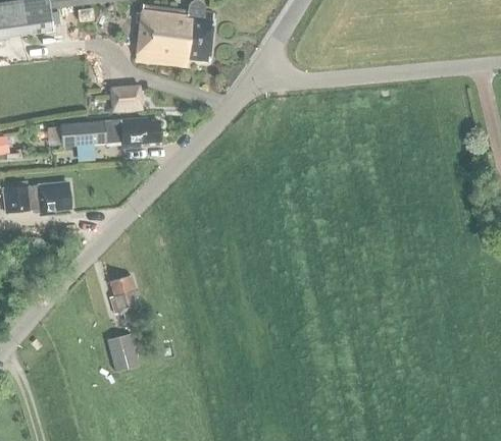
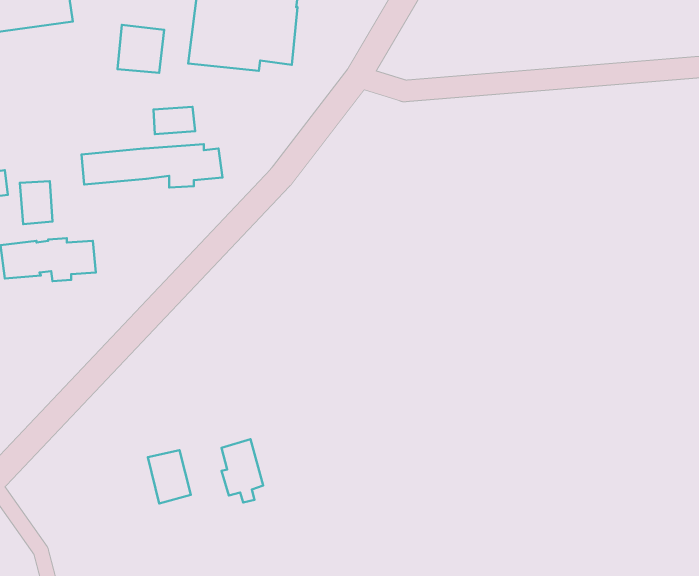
building: none -> [117,25,164,73]
building: none -> [20,181,52,224]
building: [110,274,140,319] -> [221,439,263,503]

